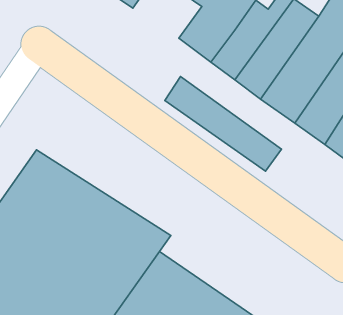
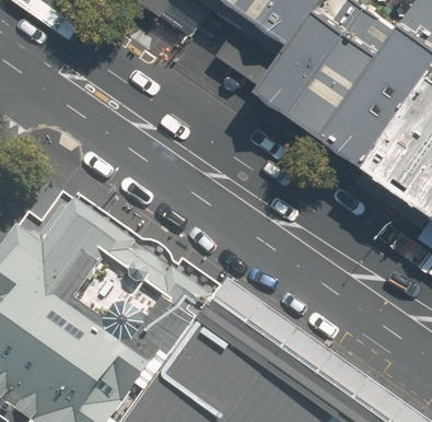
building: [165,76,281,171] -> none

